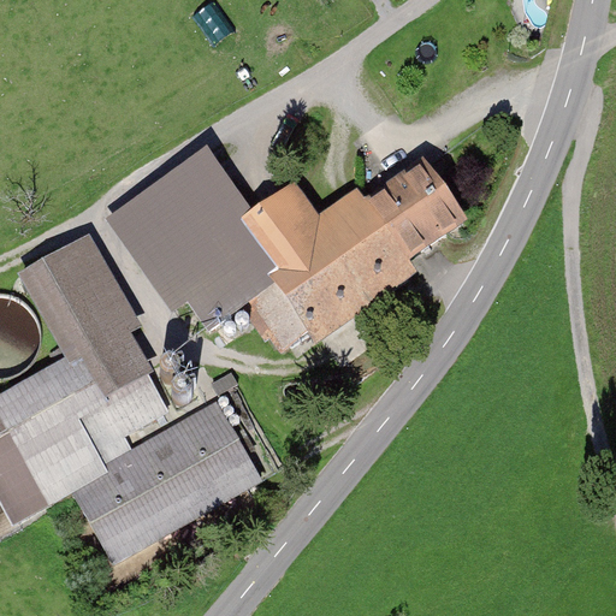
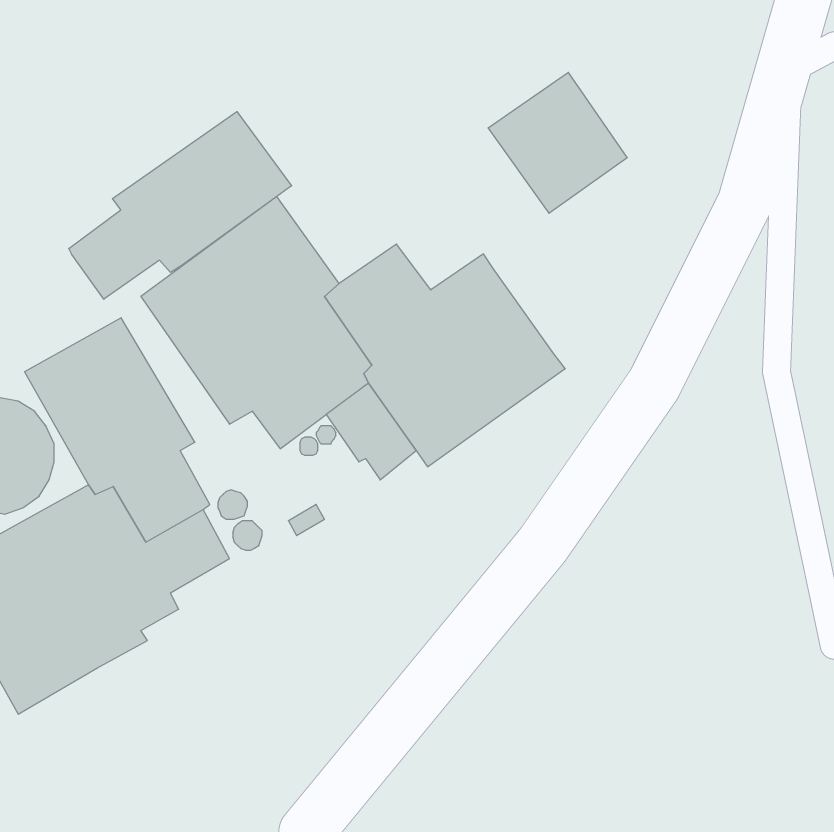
building: none -> [69,112,292,299]
building: [362,156,464,260] -> [488,72,627,213]
building: [71,399,263,568] -> none

